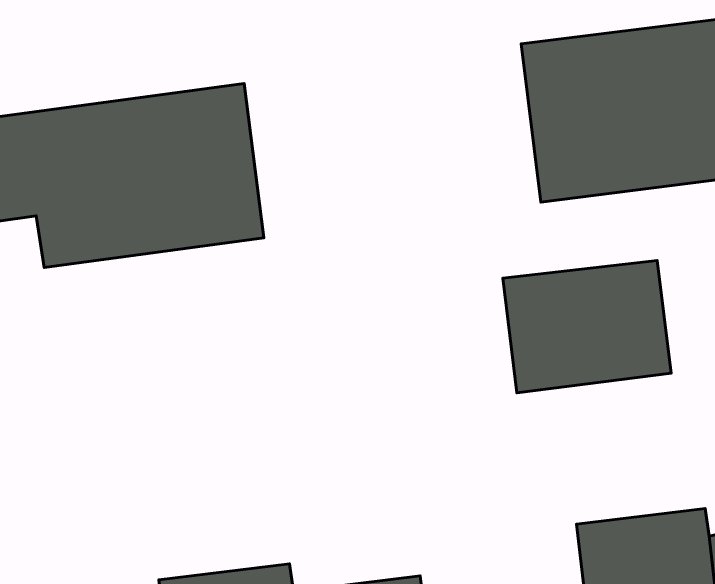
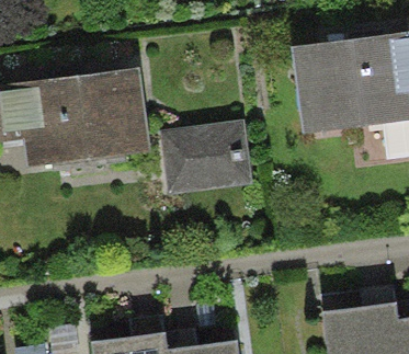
building: [503,260,671,393] -> [160,119,253,193]

